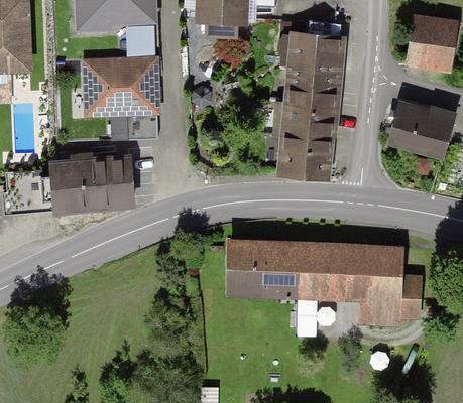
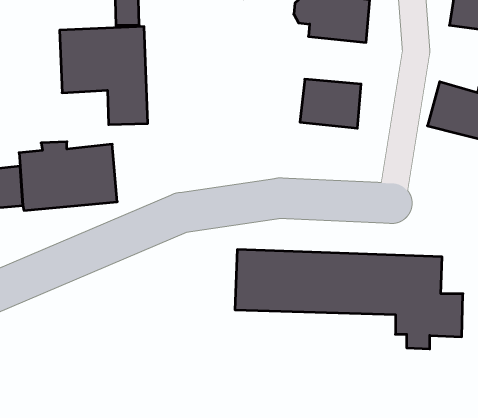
building: [287,65,338,105] -> none
building: [280,136,331,175] -> none

